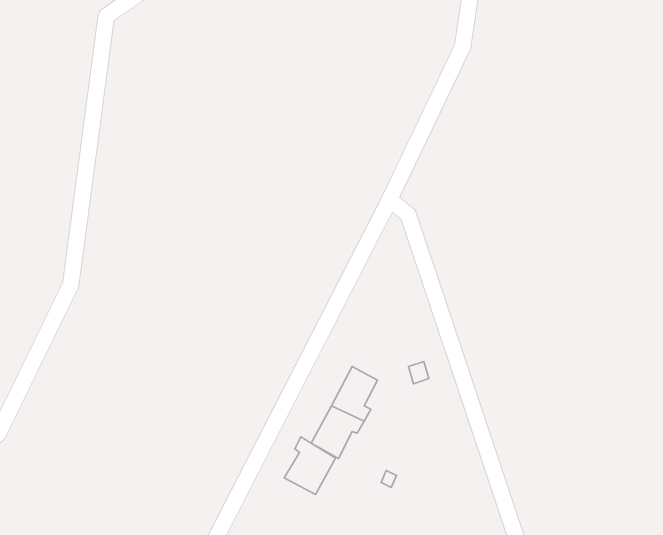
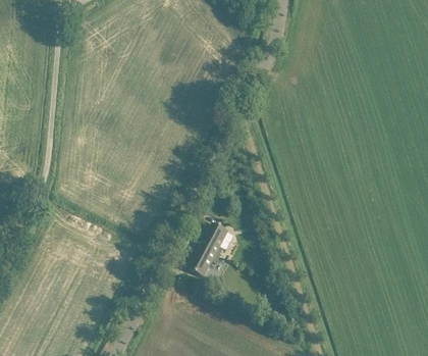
building: [284,437,336,495] -> none

